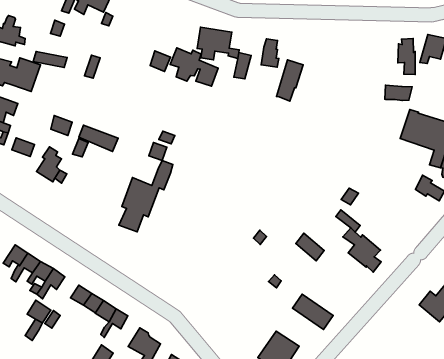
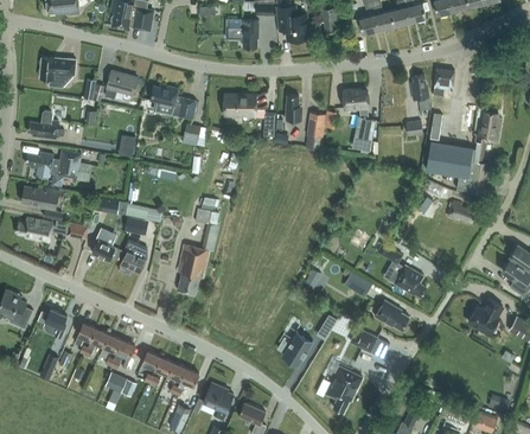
building: none -> [341,89,375,149]
building: [170,48,218,86] -> [151,88,196,119]
building: none -> [119,240,147,275]
building: none -> [373,300,408,330]
building: none -> [277,331,312,365]

